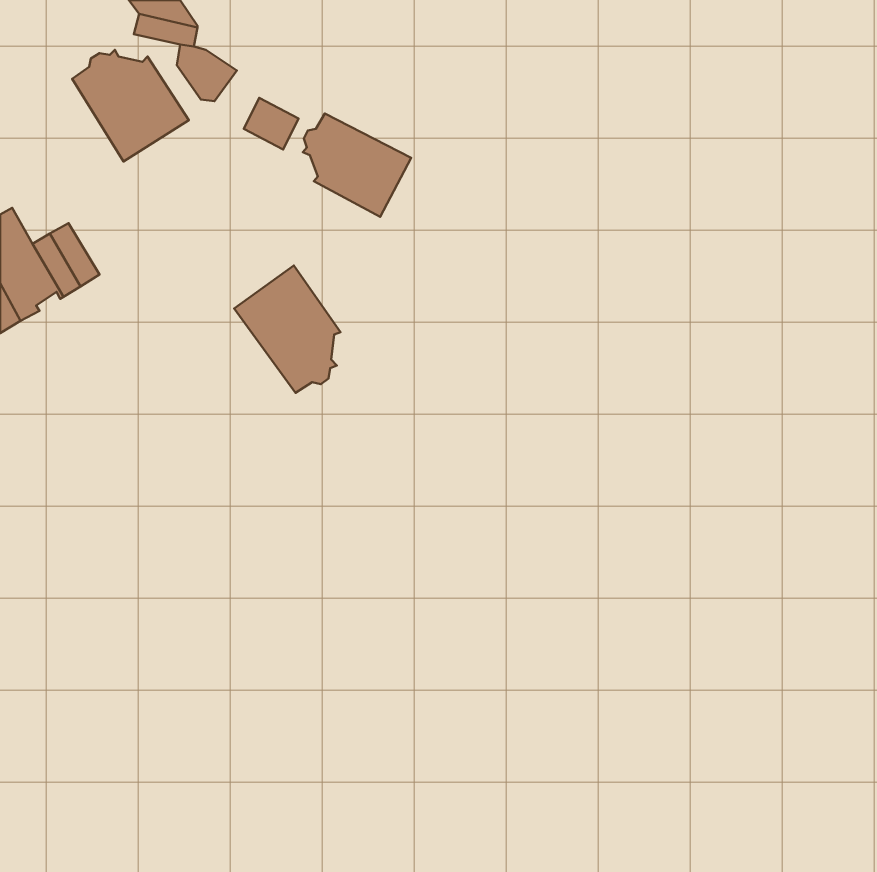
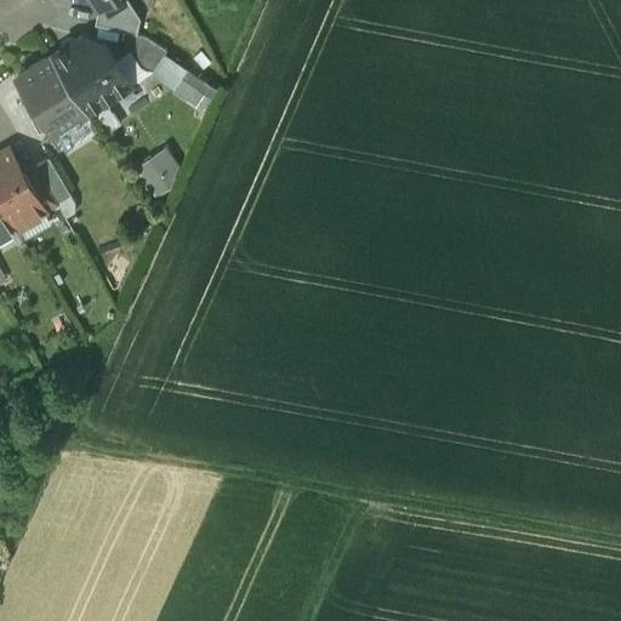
building: none -> [17,59,87,138]
building: [303,113,411,217] -> none
building: none -> [133,146,186,196]
building: [234,266,341,393] -> none

